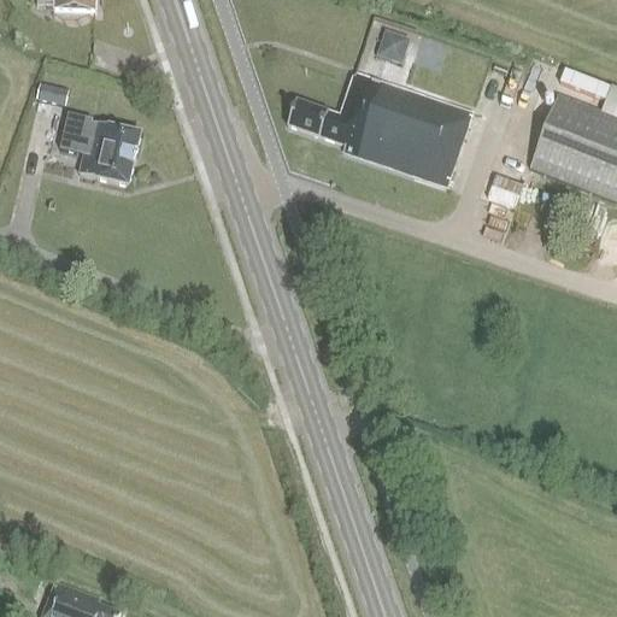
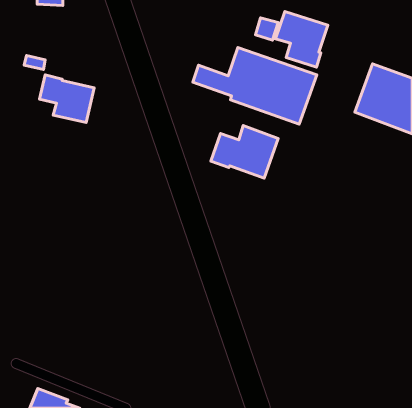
building: none -> [275,11,328,67]
building: none -> [211,126,278,178]

